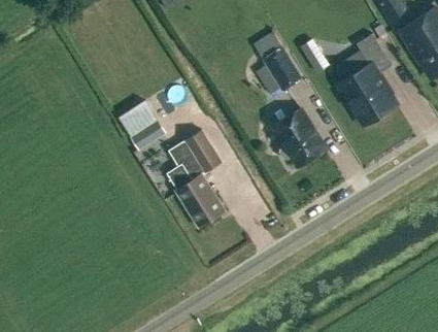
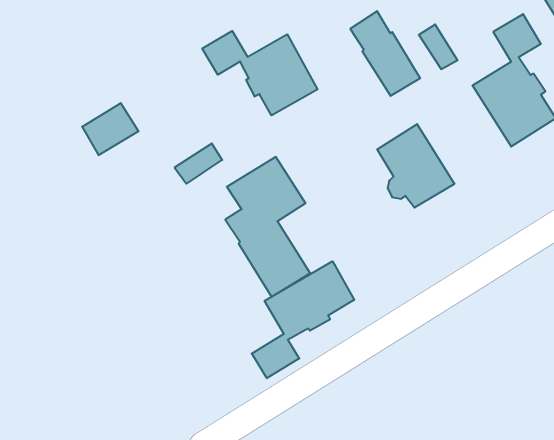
building: none -> [202,31,318,115]
building: [124,98,163,134] -> [82,103,139,155]
building: none -> [252,261,354,378]

